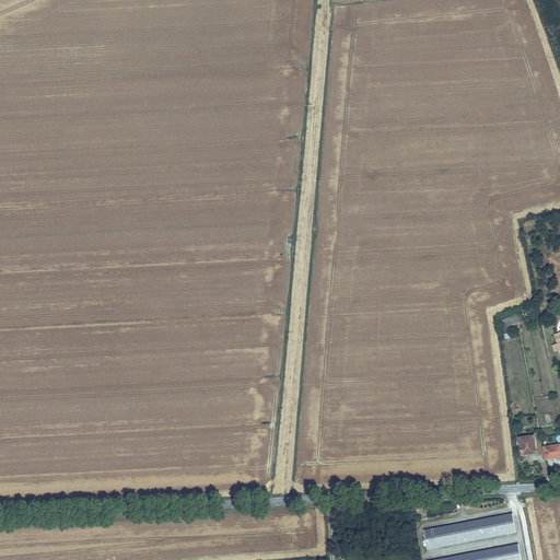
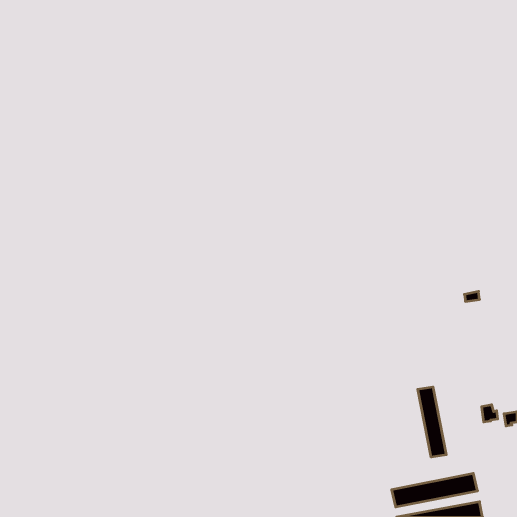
building: none -> [418,387,446,457]

